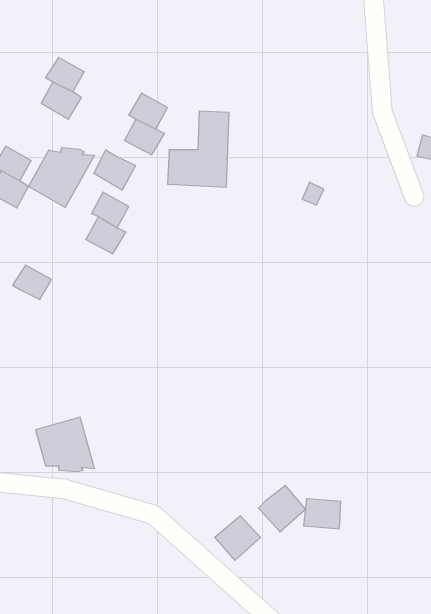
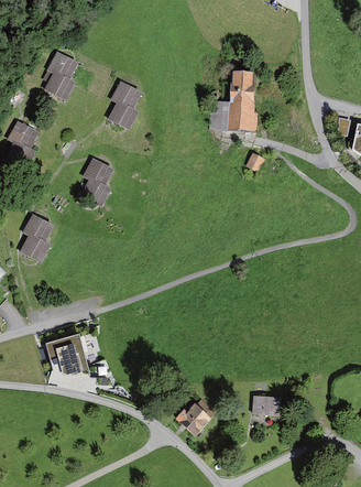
building: [168,111,229,187] -> [208,69,255,128]
building: [28,148,94,208] -> none
building: [94,150,136,190] -> none
building: none -> [20,232,51,261]
building: [258,485,305,532] -> none

